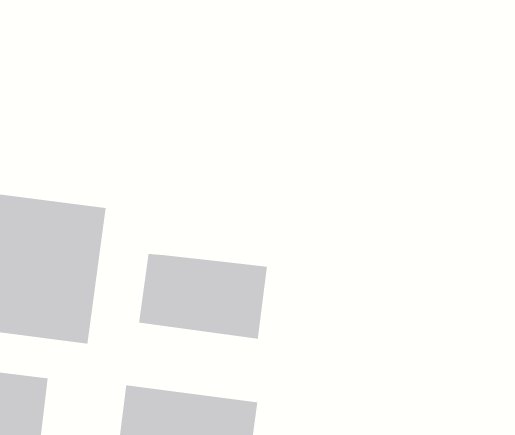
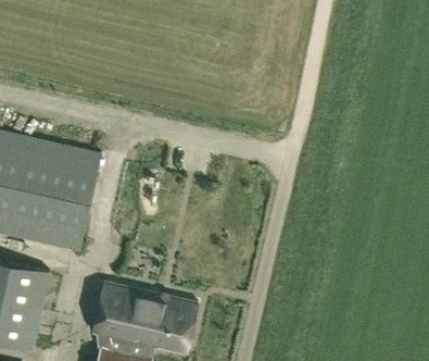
building: [138,253,268,340] -> none

